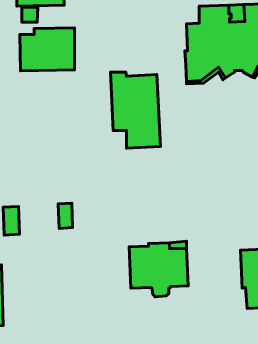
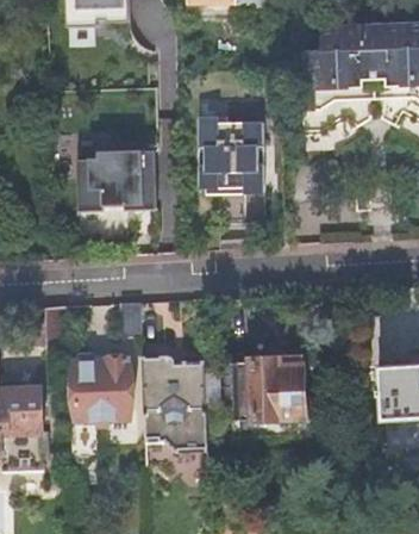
building: [20,28,75,71] -> [77,148,155,209]
building: none -> [67,353,130,460]
building: none -> [143,353,208,448]

